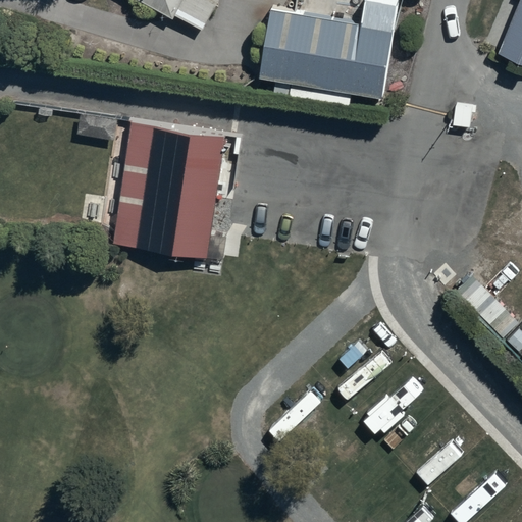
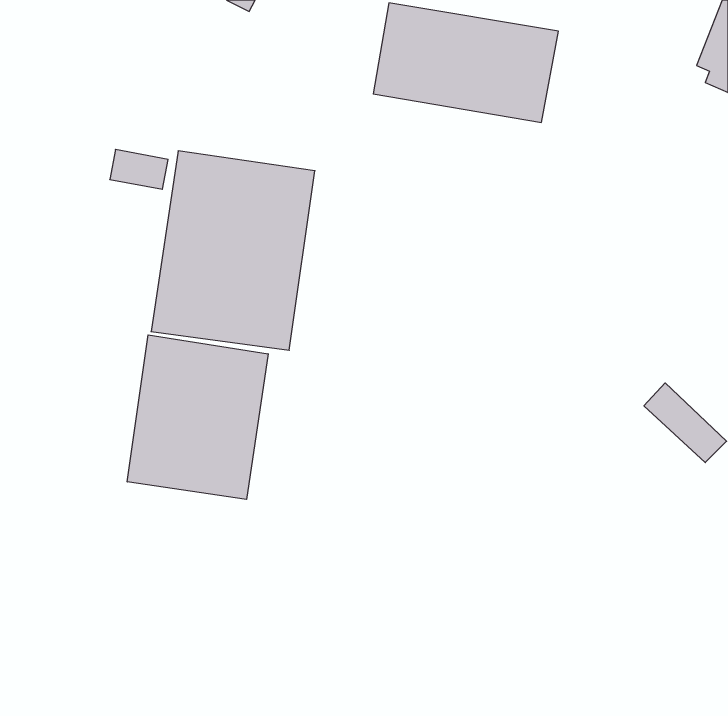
building: none -> [127,335,268,499]

